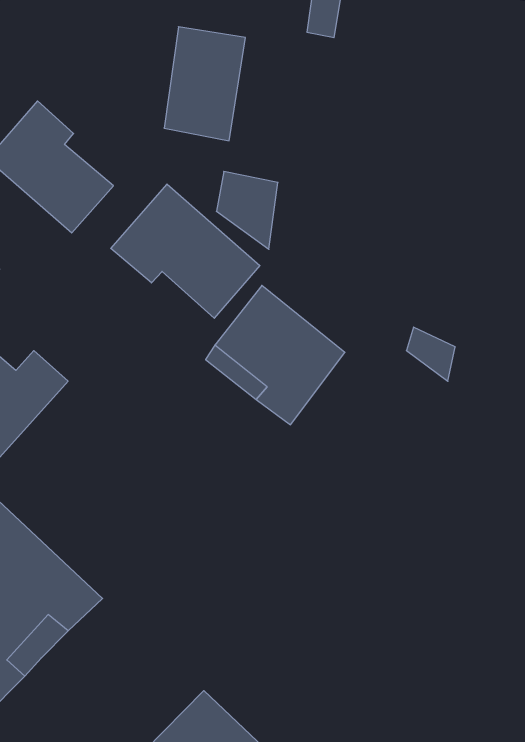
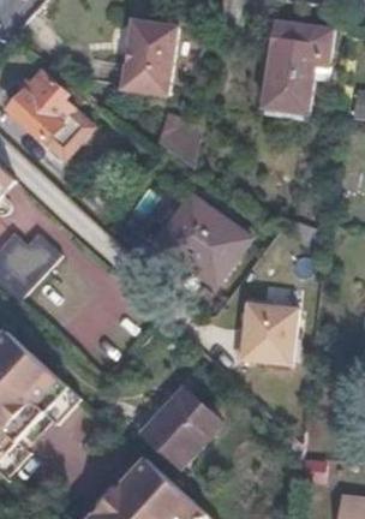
building: none -> [259,18,324,112]
building: [111,184,260,318] -> none
building: none -> [249,315,298,370]
building: none -> [142,388,223,470]

